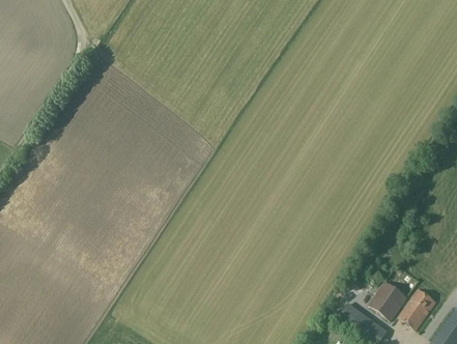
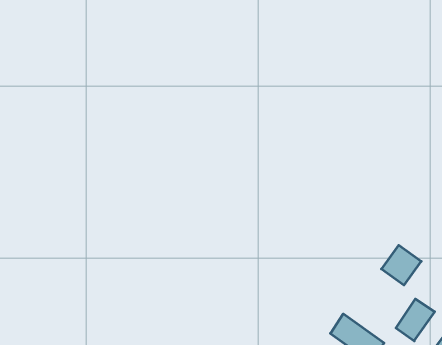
building: [369,281,407,319] -> [381,245,421,285]

